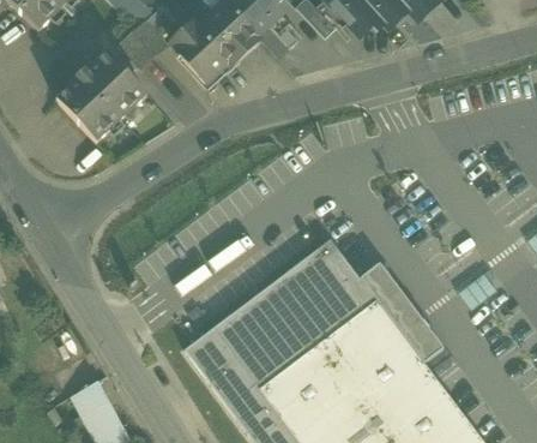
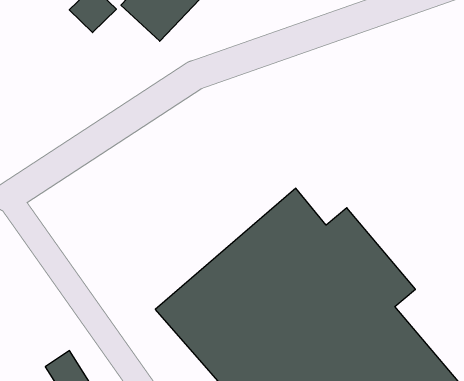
building: [56,52,147,143] -> none

